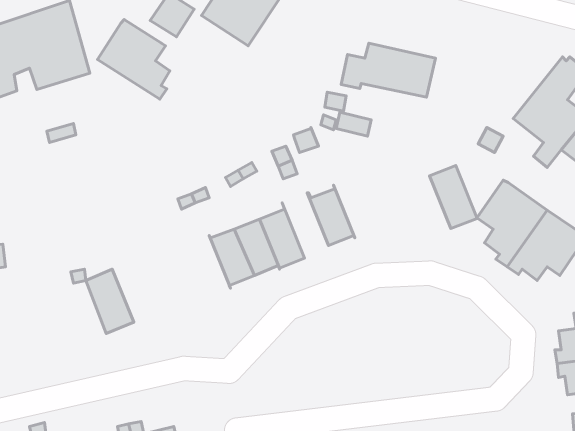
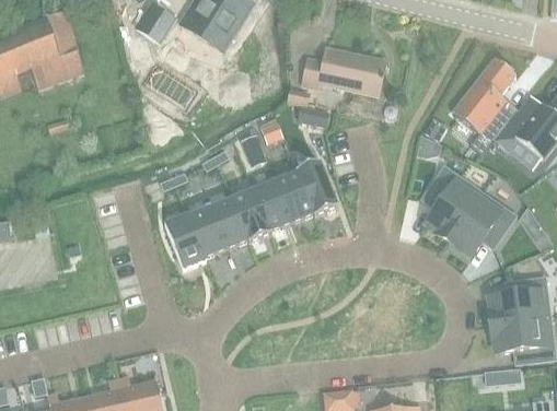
building: [98,19,170,99] -> none
building: [429,166,477,228] -> [295,161,337,215]
building: none -> [251,176,291,233]
building: [86,269,134,333] -> [164,213,206,269]

